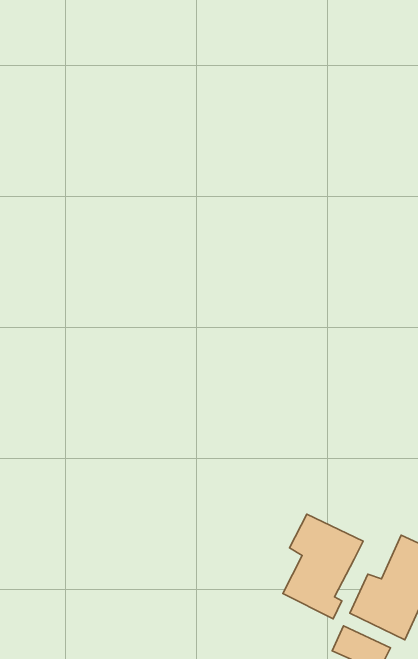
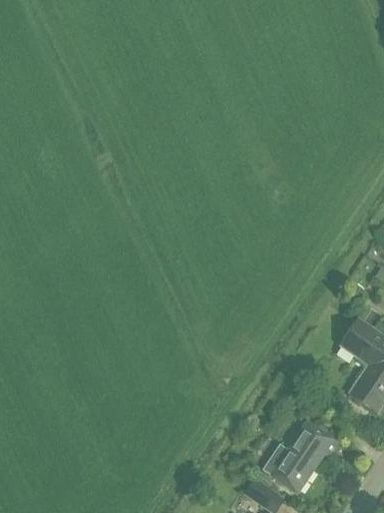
building: [283,514,363,619] -> none

